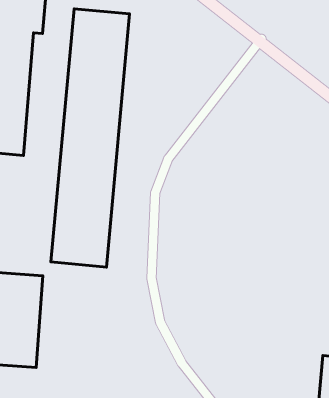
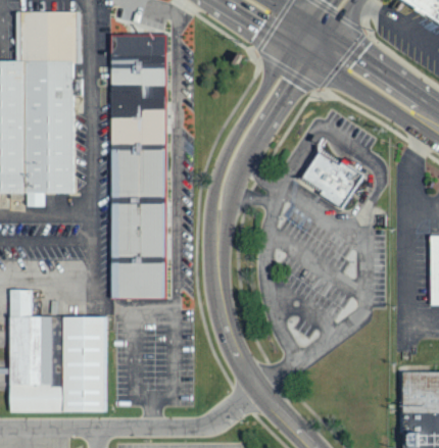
building: none -> [301,149,361,206]

